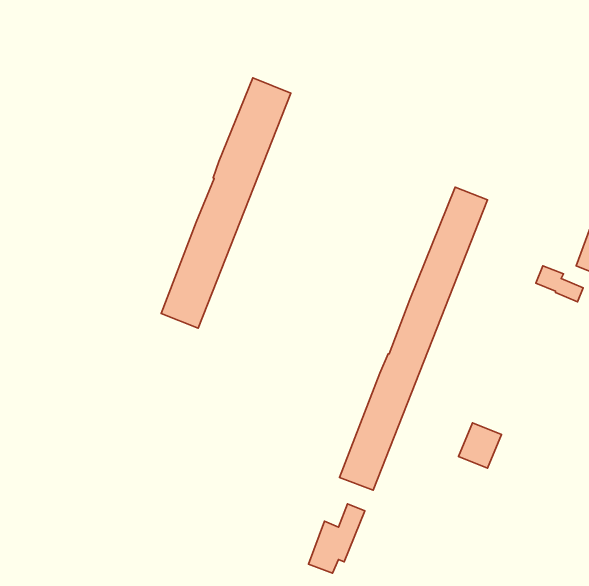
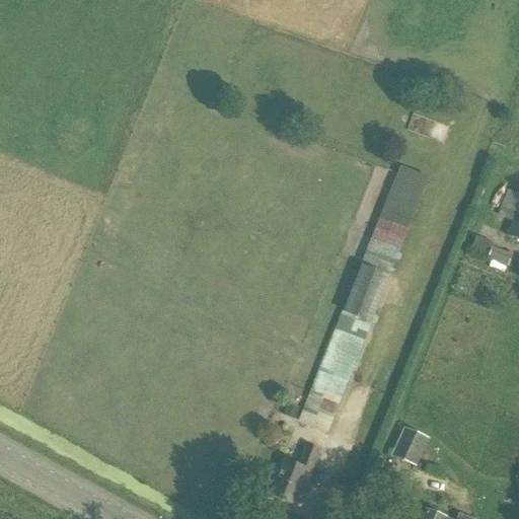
building: [161,78,291,328] -> none
building: [459,423,501,468] -> [391,425,429,464]

